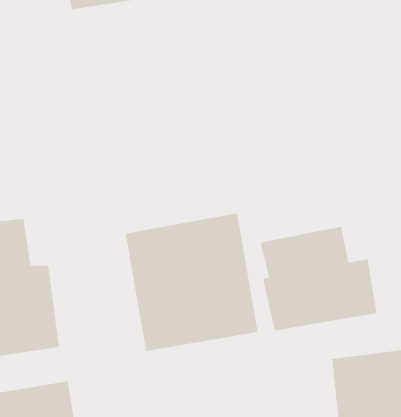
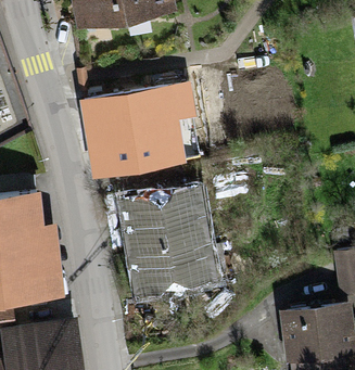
building: none -> [80,82,196,179]
building: [260,226,378,332] -> none

